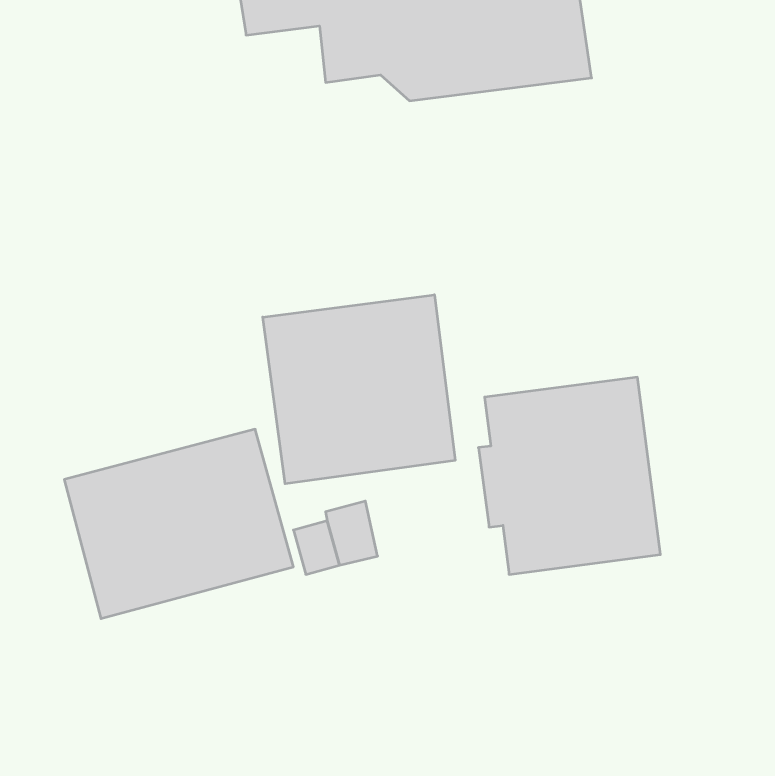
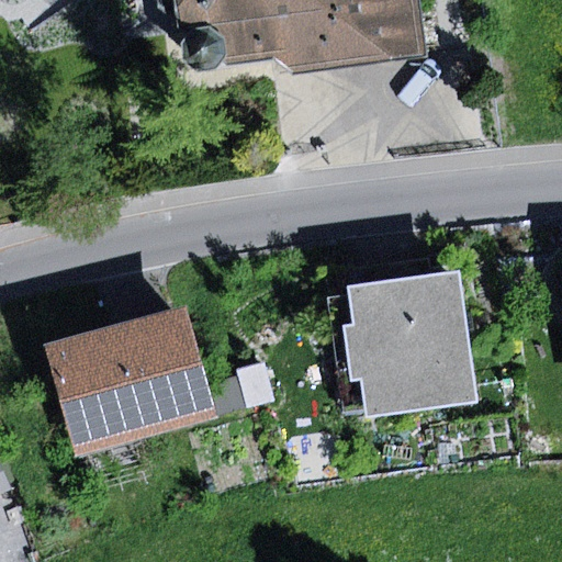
building: [263,295,455,484] -> none

